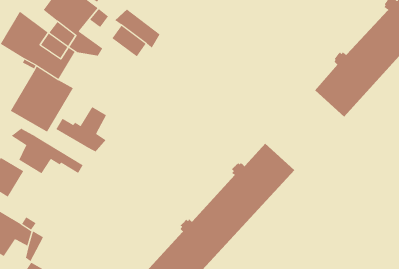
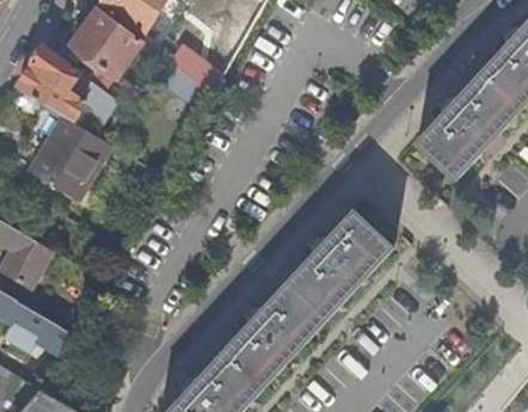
building: [56,106,107,153] -> none
building: [10,128,83,174] -> none

